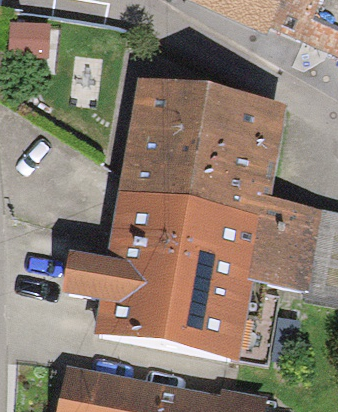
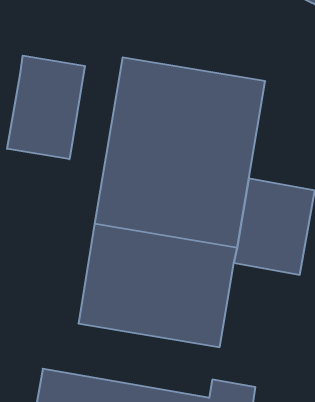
building: none -> [7,56,85,159]

